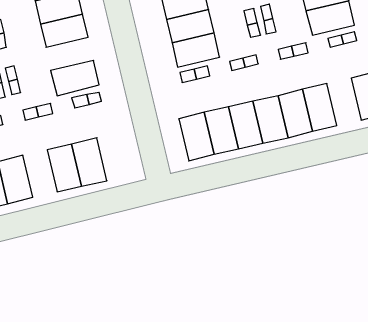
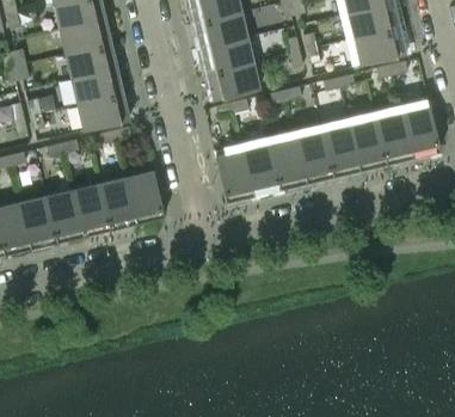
building: none -> [72,67,123,103]
building: none -> [375,111,412,162]
building: none -> [127,170,164,222]
building: none -> [47,189,84,240]

